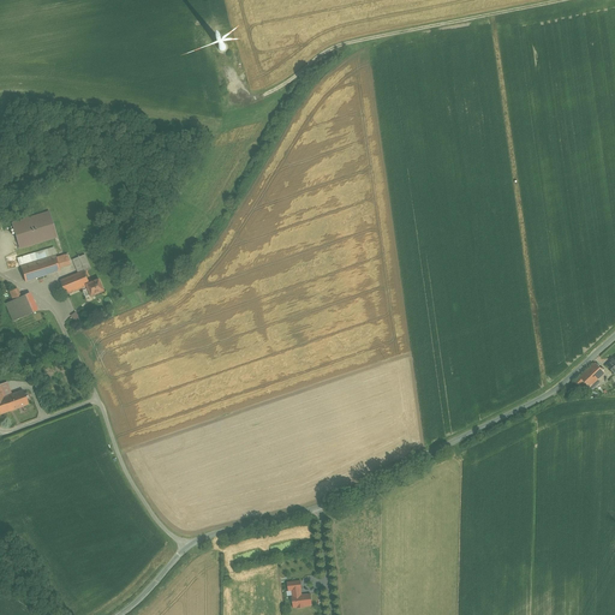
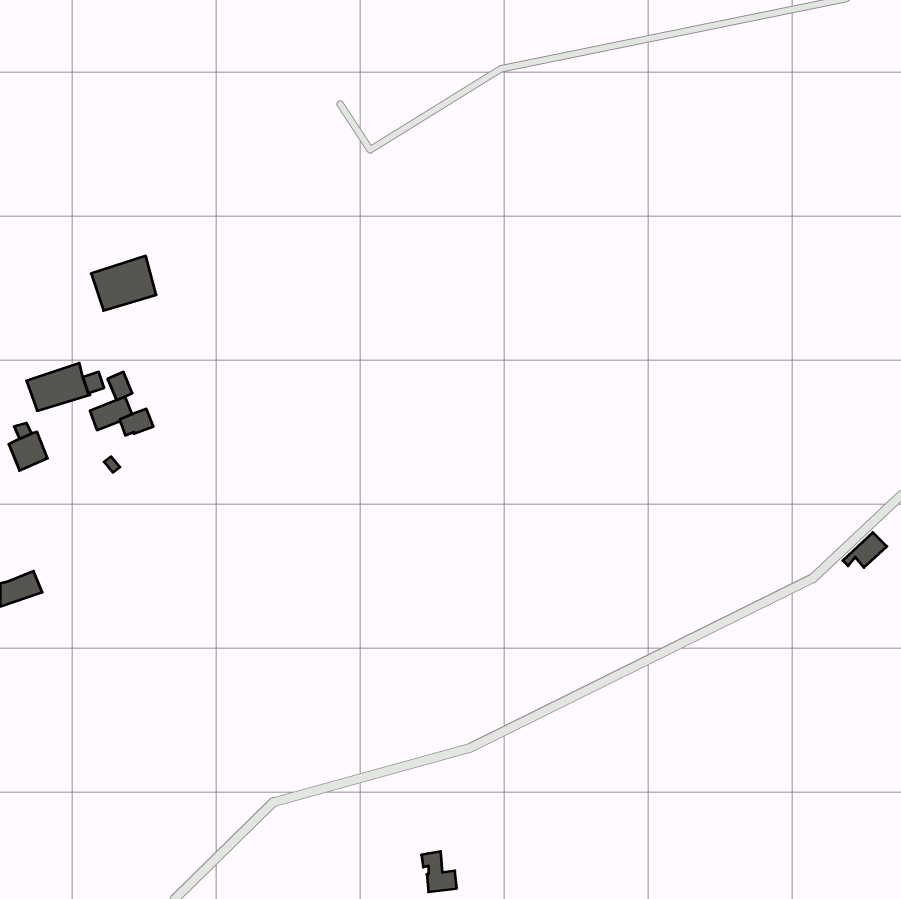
building: [12,210,56,247] -> [91,256,156,311]

